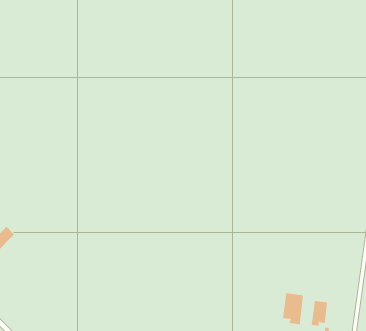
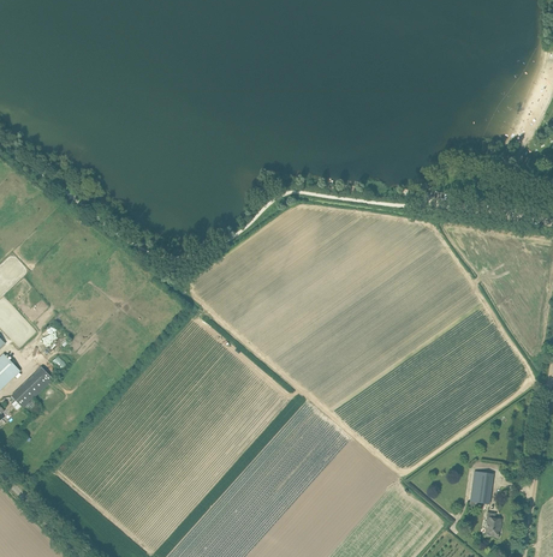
building: [282,292,304,325] -> none

